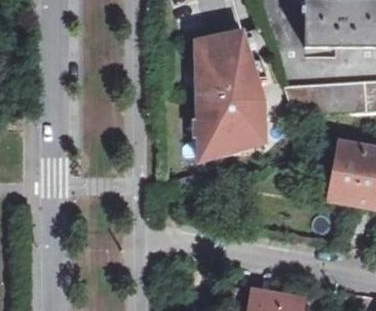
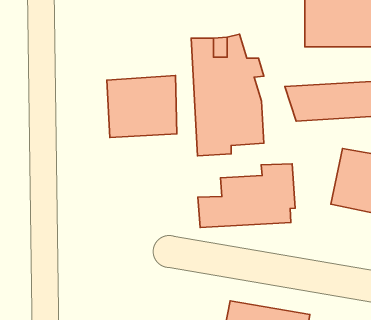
building: none -> [107,75,177,138]
building: none -> [198,164,295,227]

